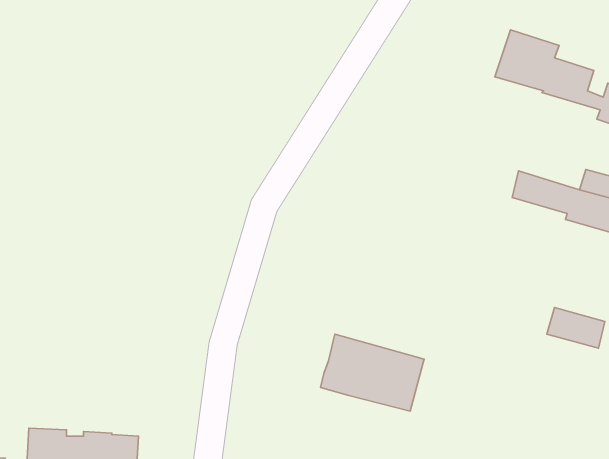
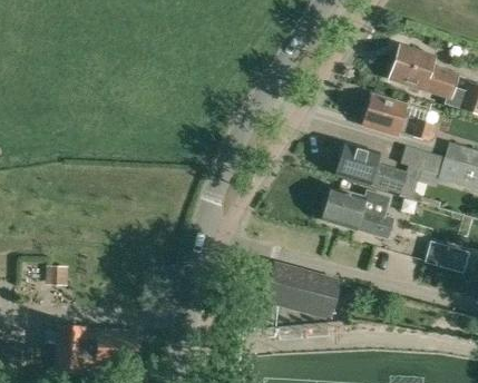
building: none -> [362,95,433,140]
building: none -> [335,141,407,193]
building: none -> [322,187,393,237]

